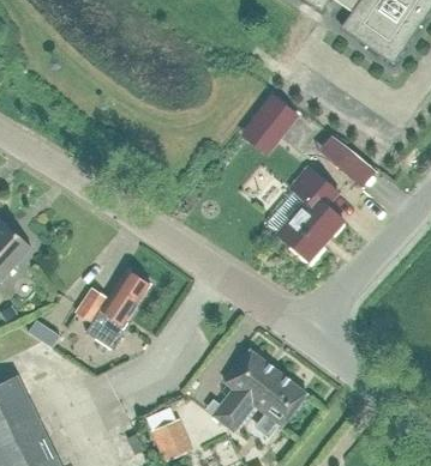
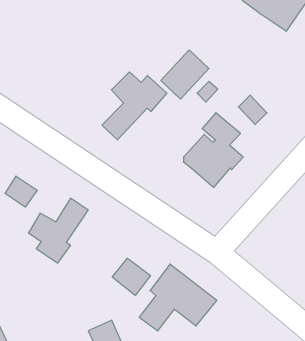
building: none -> [102,72,167,140]
building: none -> [5,176,37,207]
building: none -> [112,258,150,295]

